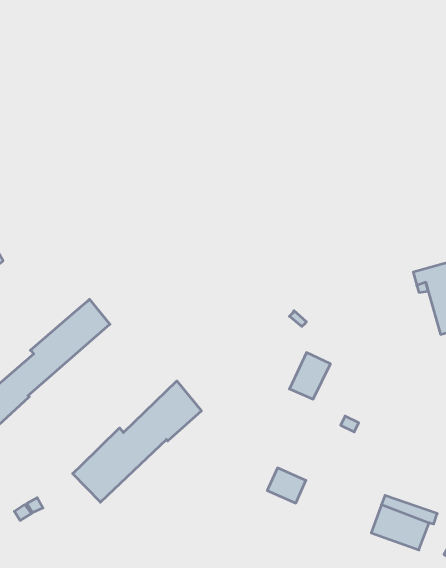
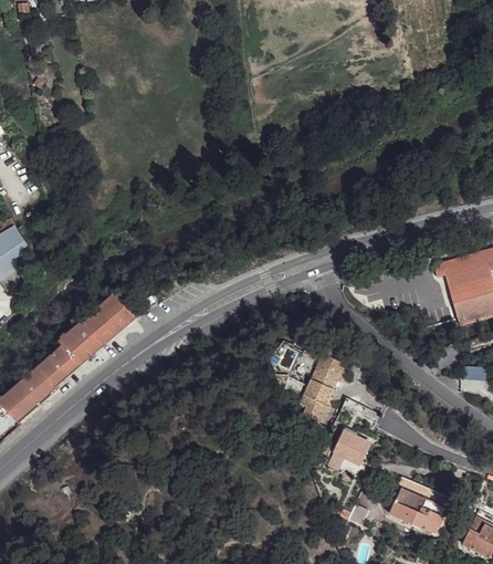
building: [73,381,201,502] -> none
building: none -> [298,379,333,422]
building: [267,468,306,503] -> [328,437,366,471]

